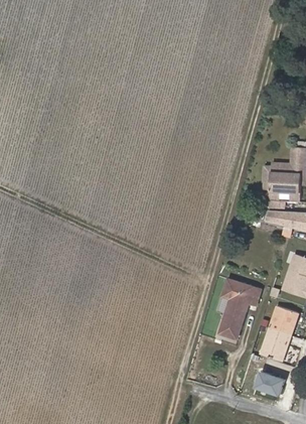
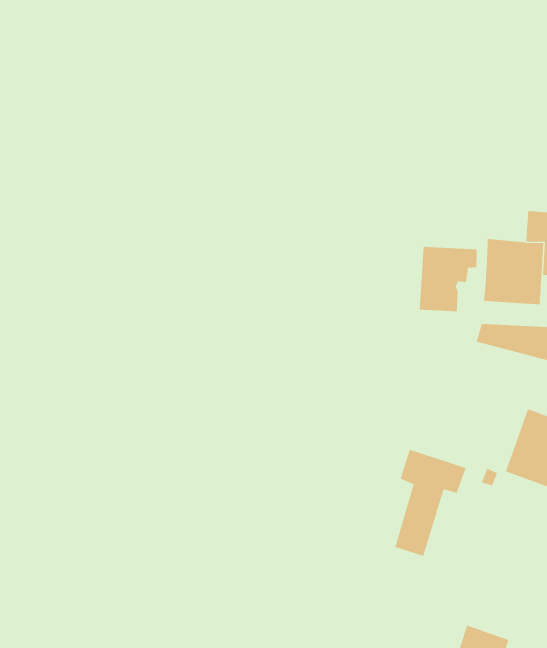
building: none -> [419,246,477,312]
building: [262,306,298,359] -> none

